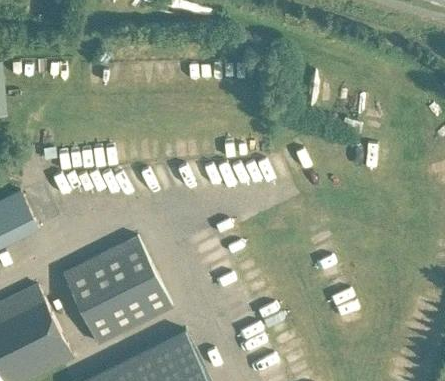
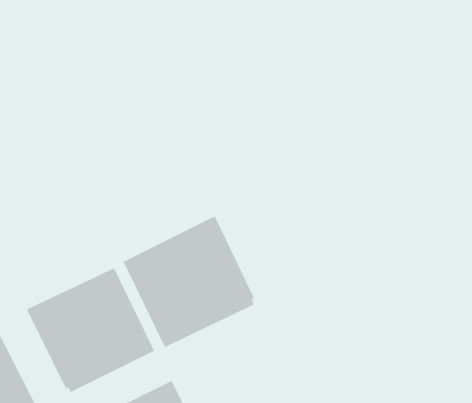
building: none -> [123,215,255,348]

